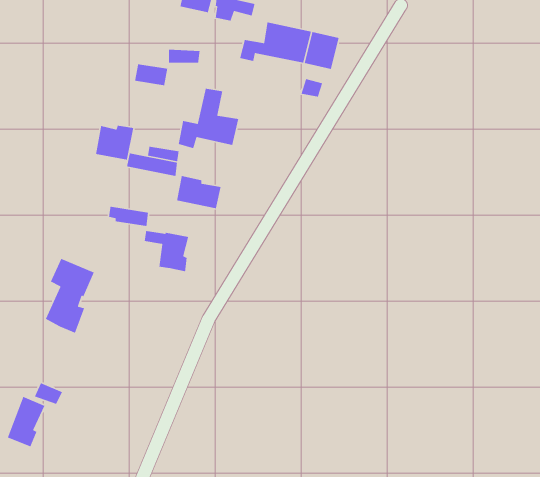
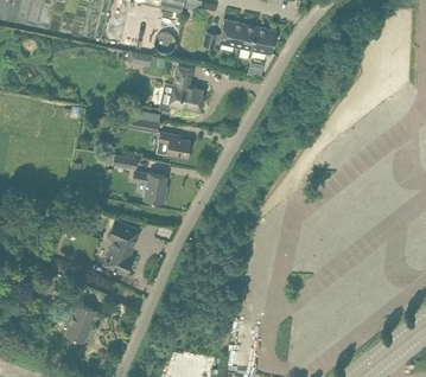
building: [95,125,134,161] -> none
building: [45,258,95,334] -> [103,218,140,274]
building: [7,396,46,448] -> [66,302,95,340]

